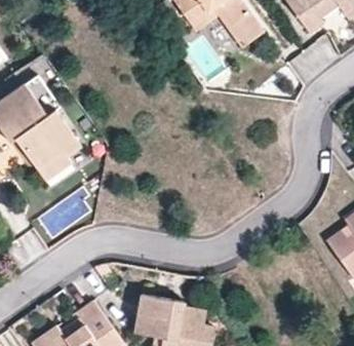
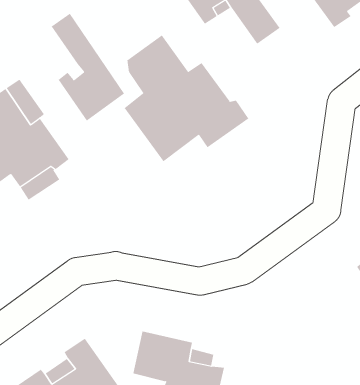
building: none -> [51,13,125,121]
building: none -> [124,35,249,162]

